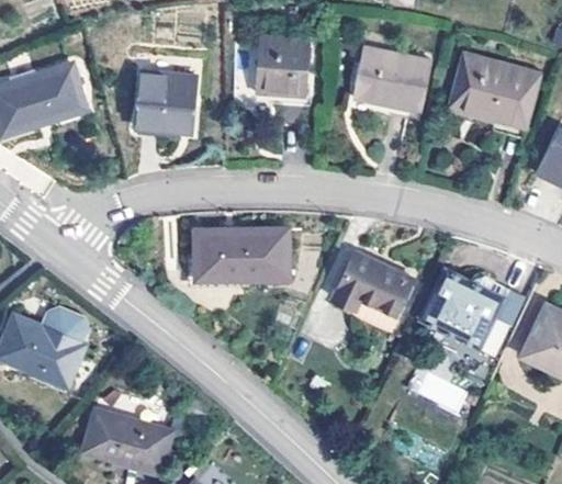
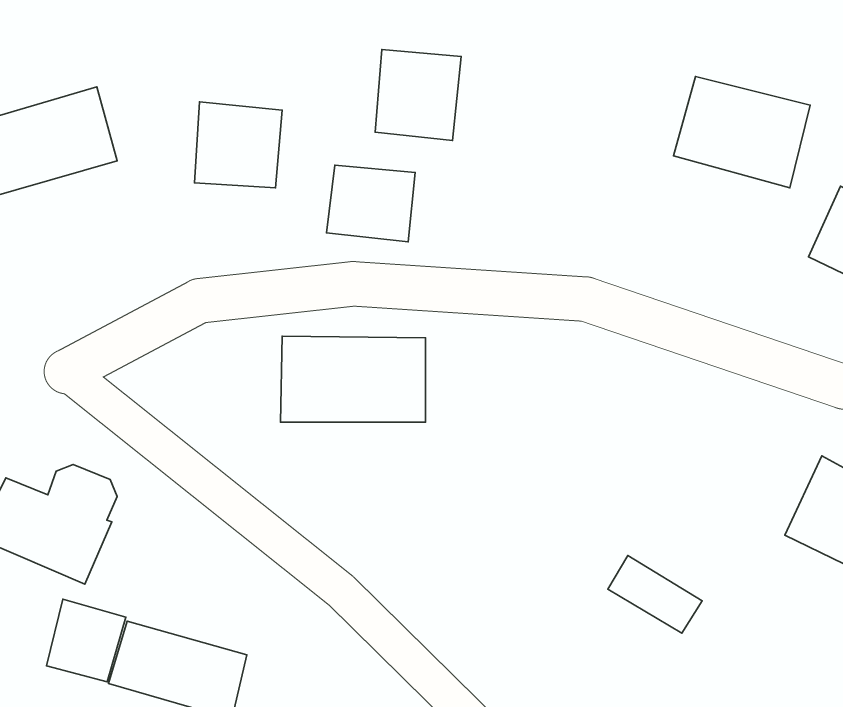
building: [353,47,431,111] -> none
building: none -> [327,165,415,242]
building: [330,250,413,333] -> none
building: [422,269,525,356] -> none
building: none -> [46,599,126,682]

